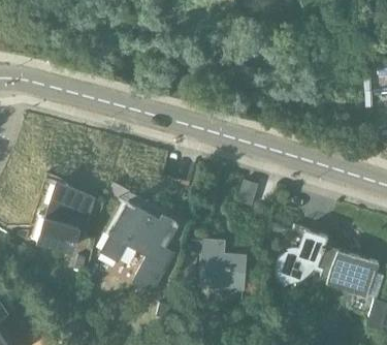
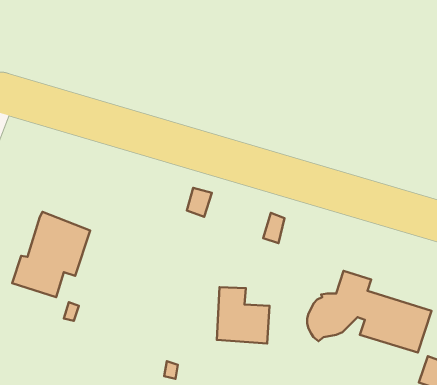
building: [100,203,179,294] -> none

